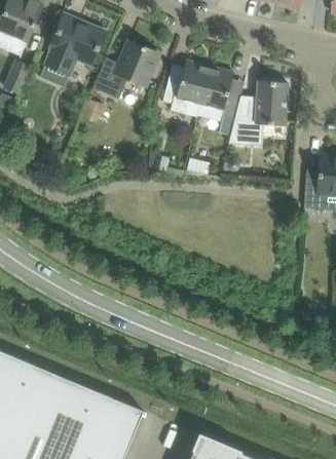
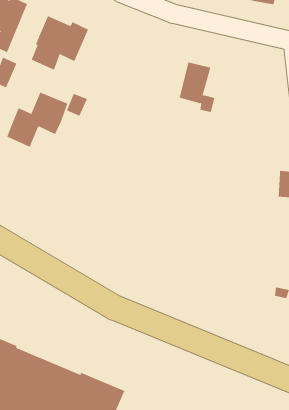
building: [94,41,158,100] -> [6,92,68,148]
building: [163,60,210,113] -> none
building: [229,80,288,146] -> none

